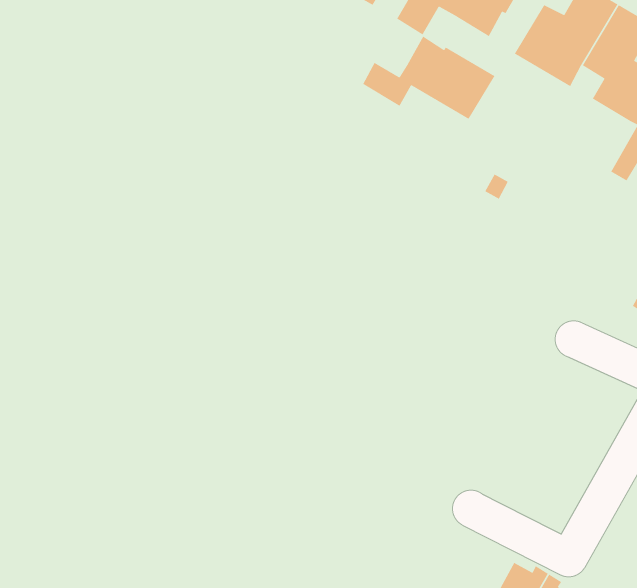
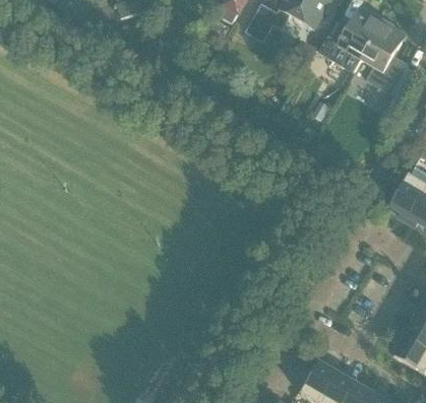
building: [362,36,495,120] -> none

